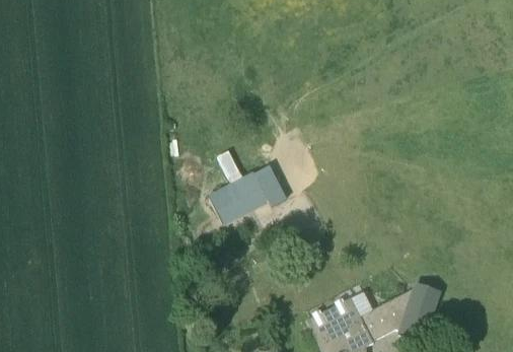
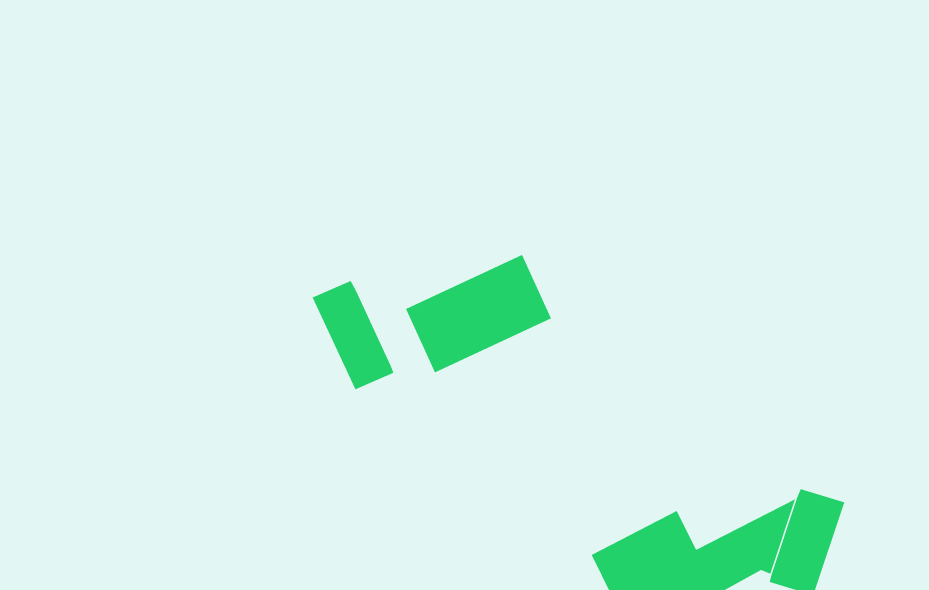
building: none -> [312,280,394,390]

